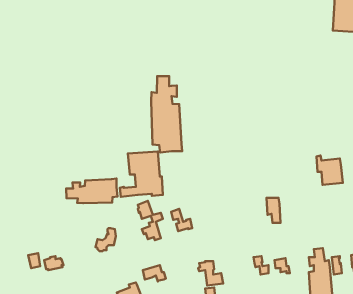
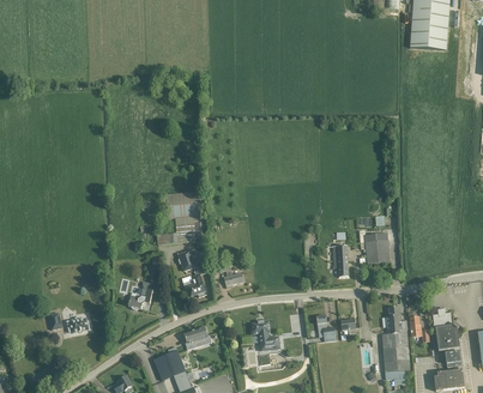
building: [151,76,182,153] -> none
building: [317,156,343,185] -> [358,229,390,264]
building: [66,179,118,203] -> none

